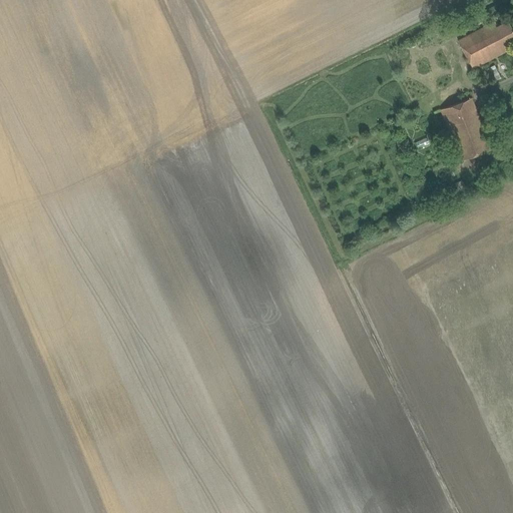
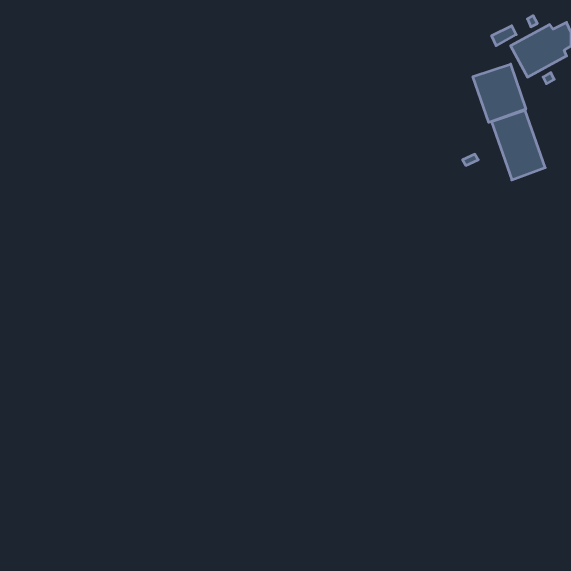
building: none -> [473,64,526,122]

